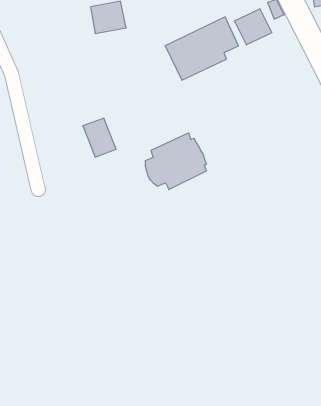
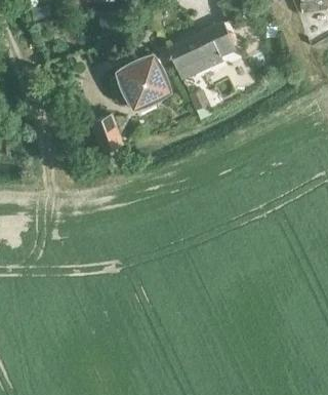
building: [235,9,272,45] -> none
building: [145,133,207,190] -> [113,53,169,106]

